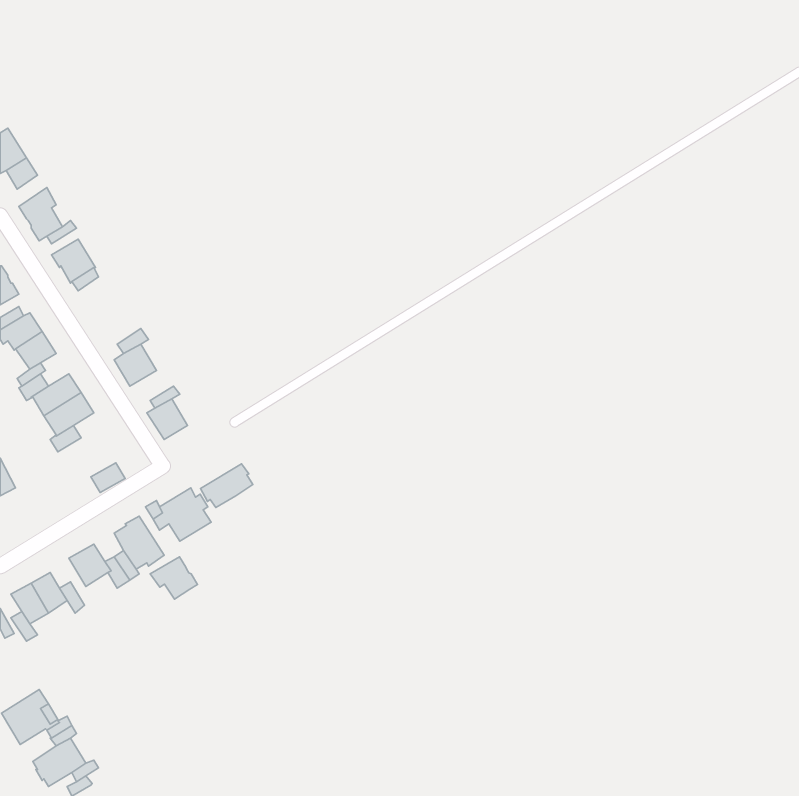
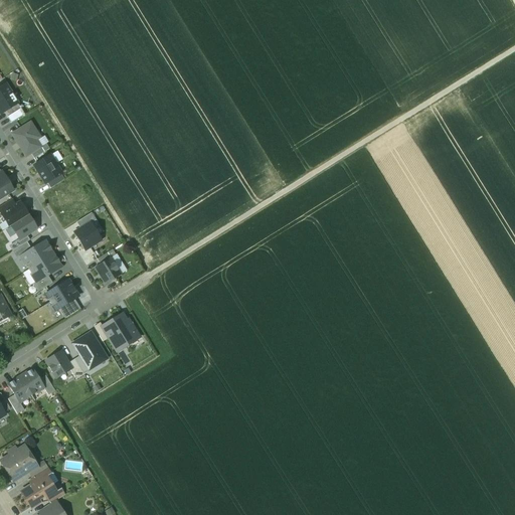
building: none -> [45,279,78,309]
building: [201,464,253,507] -> none
building: [150,557,198,599] -> none

